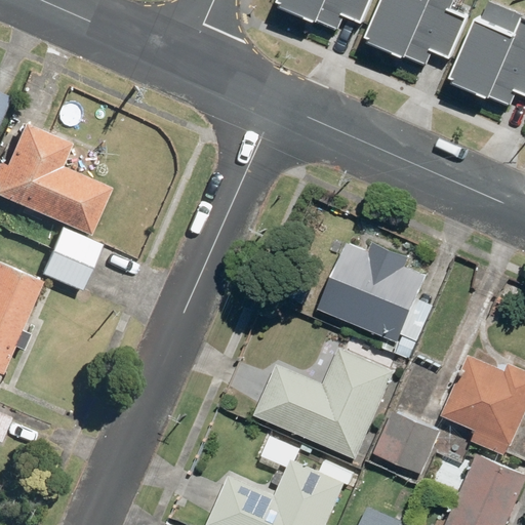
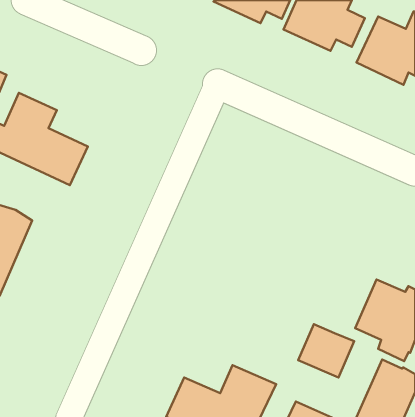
building: [39,226,100,289] -> none
building: [321,239,430,340] -> none
building: [255,347,394,459] -> none

